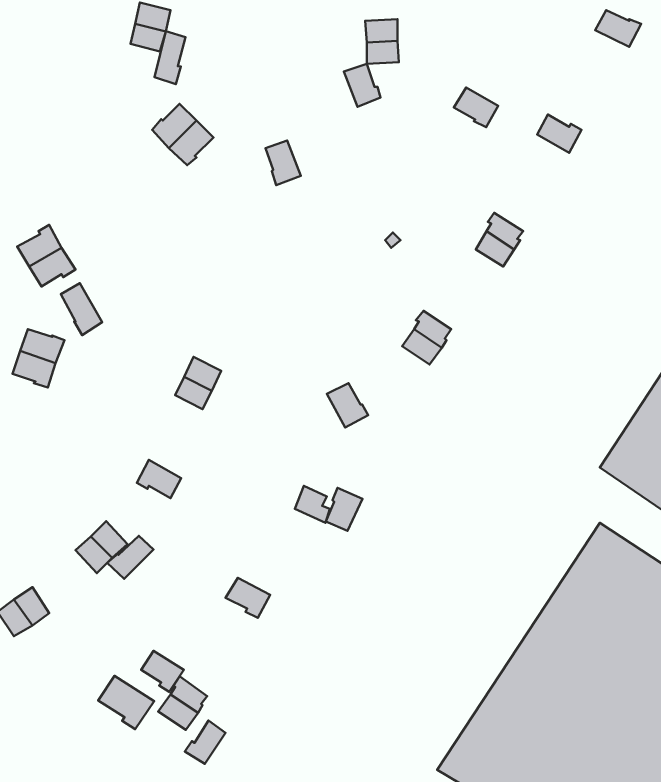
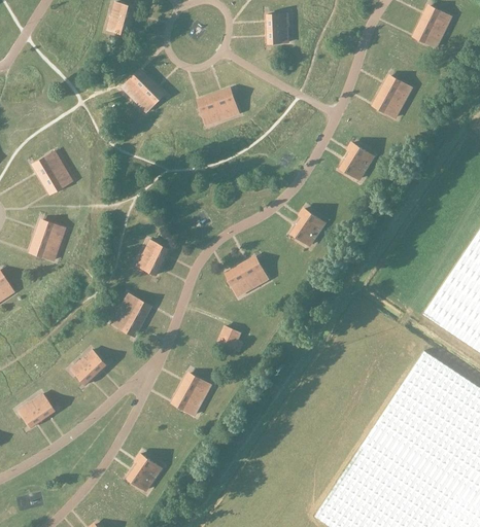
building: none -> [414,21,443,47]
building: [154,31,186,84] -> none
building: [344,64,381,107] -> [213,90,238,118]
building: [454,87,498,127] -> [373,91,403,117]
building: [61,283,102,335] -> none
building: none -> [227,265,252,295]
building: none -> [121,293,150,321]
building: [326,488,363,531] -> none
building: [107,536,153,579] -> none
building: none -> [180,374,210,399]
building: [141,651,184,692] -> none
building: [98,676,154,729] -> none
building: [185,721,226,764] -> none

